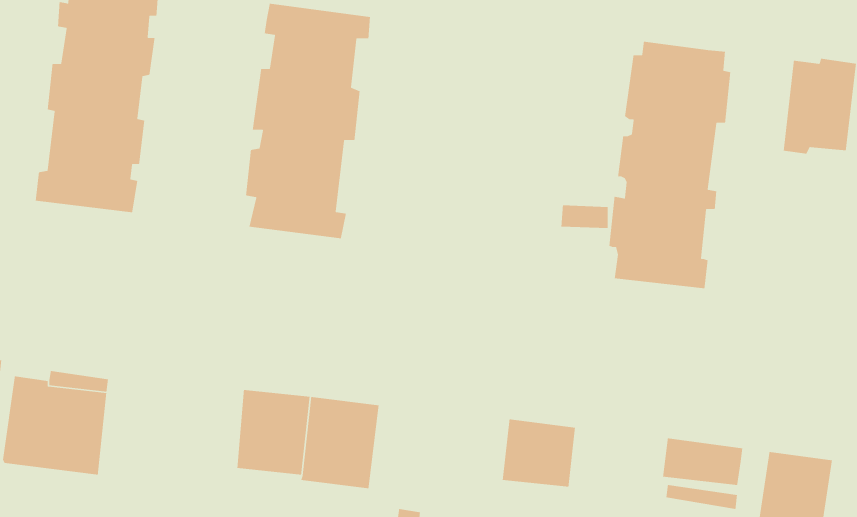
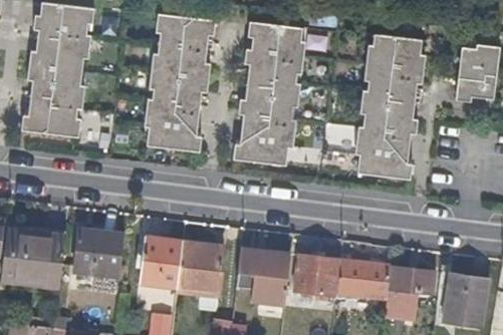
building: none -> [233,22,307,165]
building: none -> [70,228,121,276]
building: none -> [235,248,288,295]
building: none -> [335,261,390,299]

